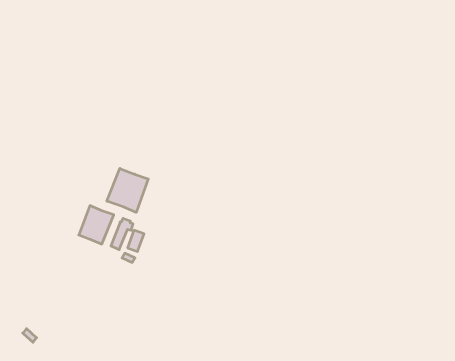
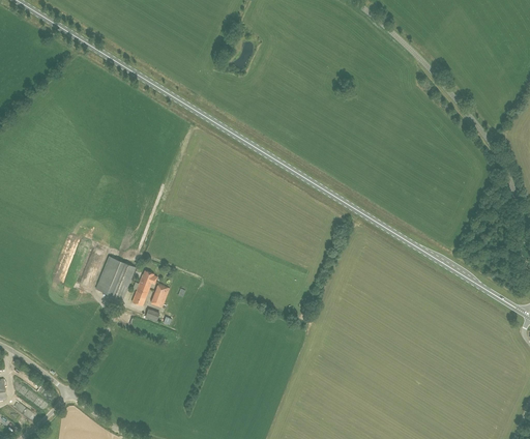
building: [107,168,148,212] -> none

